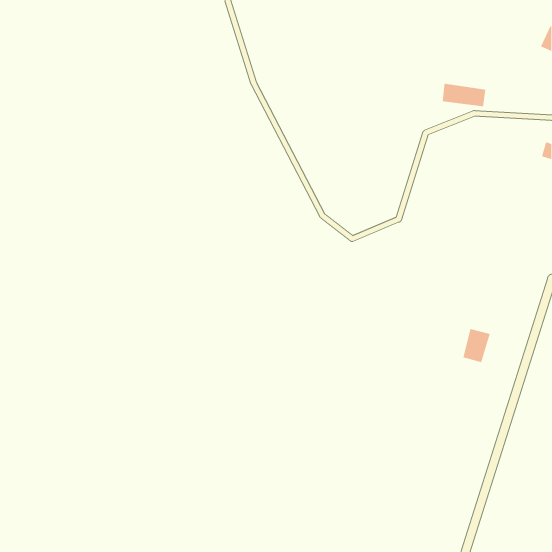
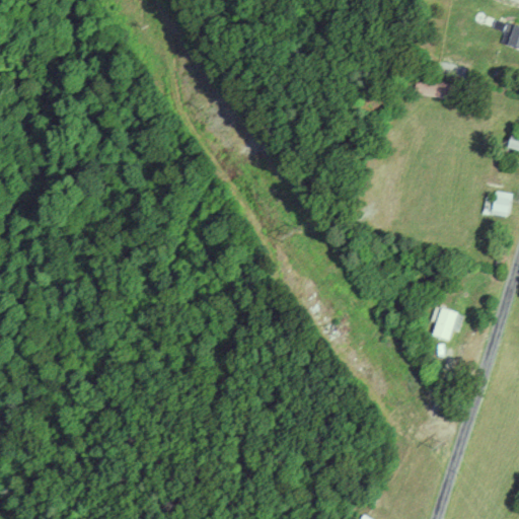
building: none -> [492,191,512,216]

